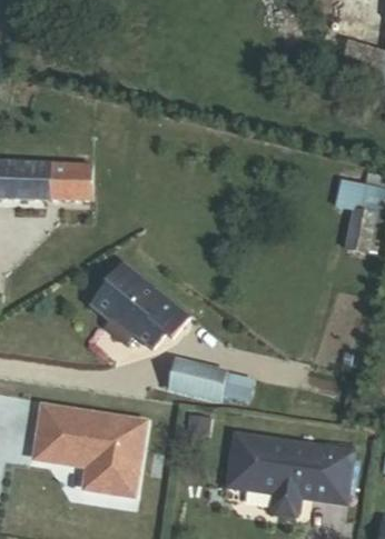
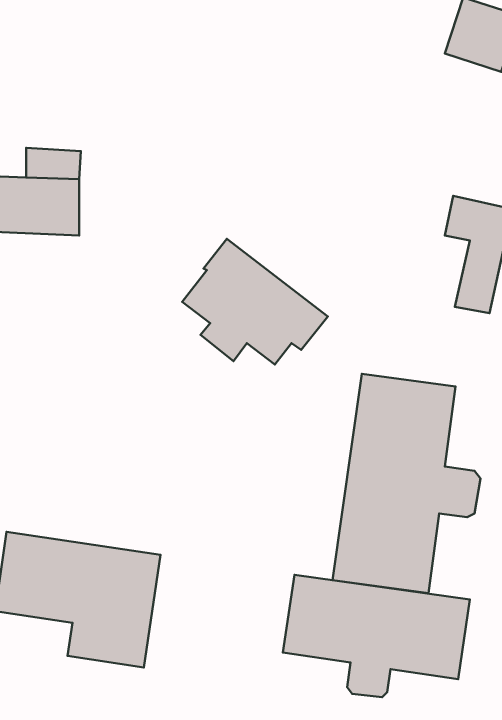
building: [91,266,189,350] -> [182,239,328,365]
building: none -> [333,374,481,593]
building: [169,361,228,403] -> none

